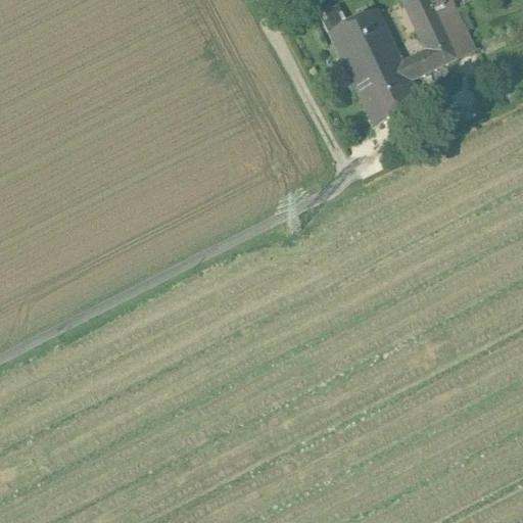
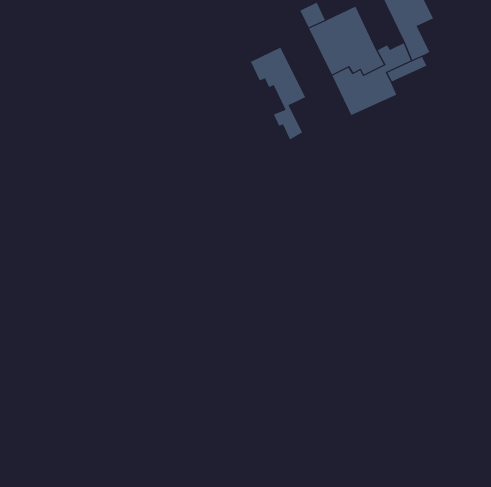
building: [441,19,472,55] -> none
building: none -> [250,47,306,140]

